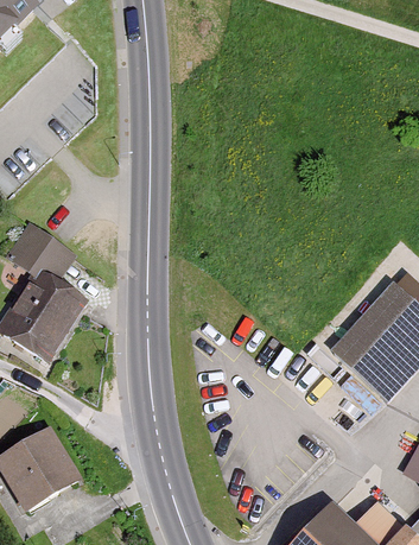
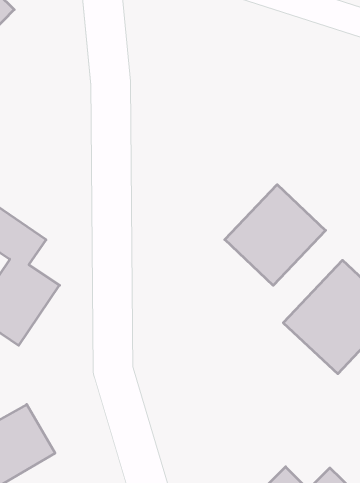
building: none -> [225,185,326,285]

